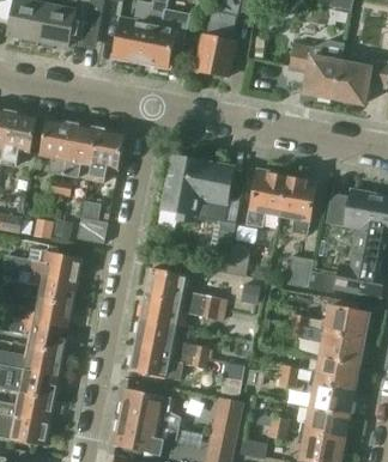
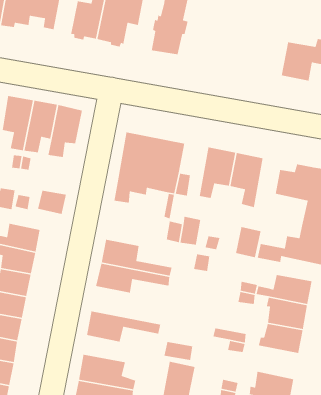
building: [289,39,345,97] -> none
building: [134,318,210,358] -> none
building: [309,381,353,415] -> none

